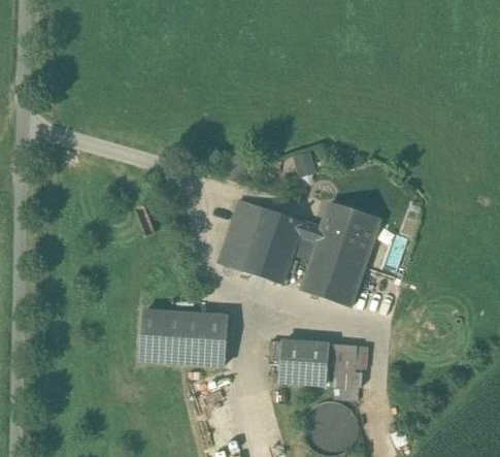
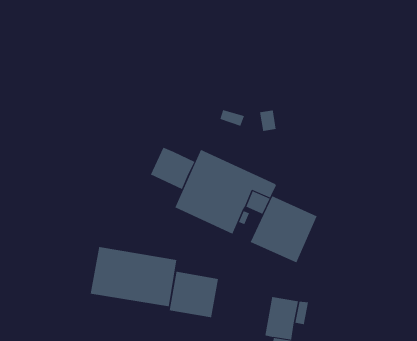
building: none -> [150,147,195,190]
building: [318,203,379,256] -> none
building: [279,340,328,385] -> [169,271,219,318]

